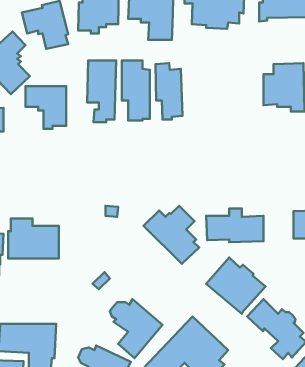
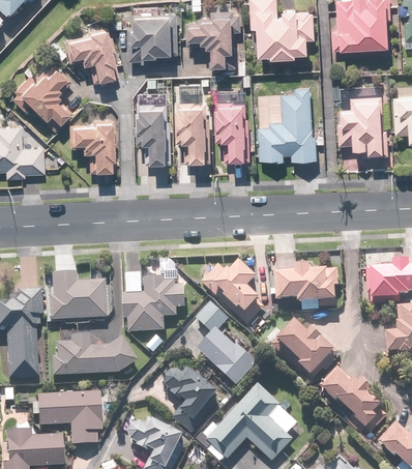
building: none -> [259,87,317,160]
building: none -> [124,274,185,332]
building: none -> [195,301,258,385]
building: none -> [49,335,137,376]

